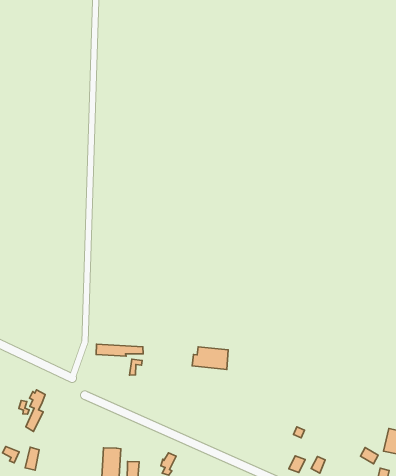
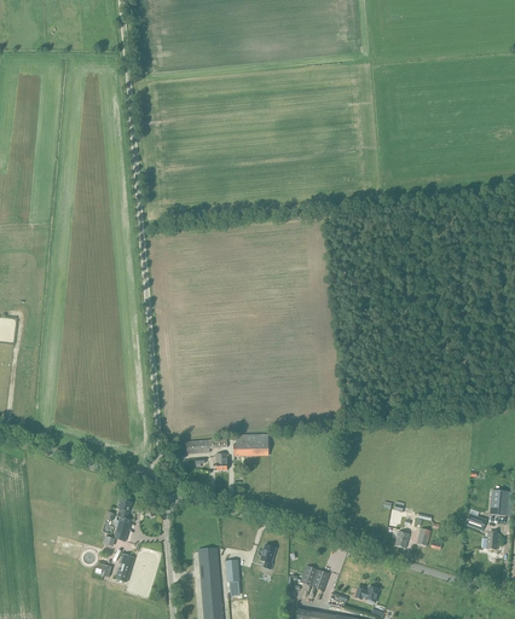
building: [192,347,228,369] -> [233,434,270,456]

